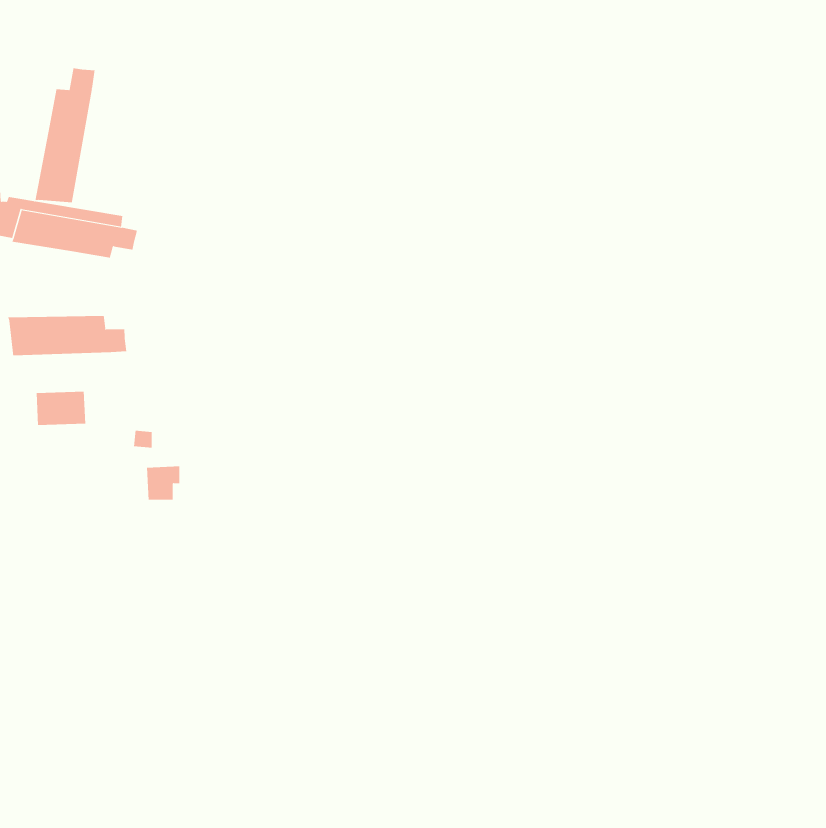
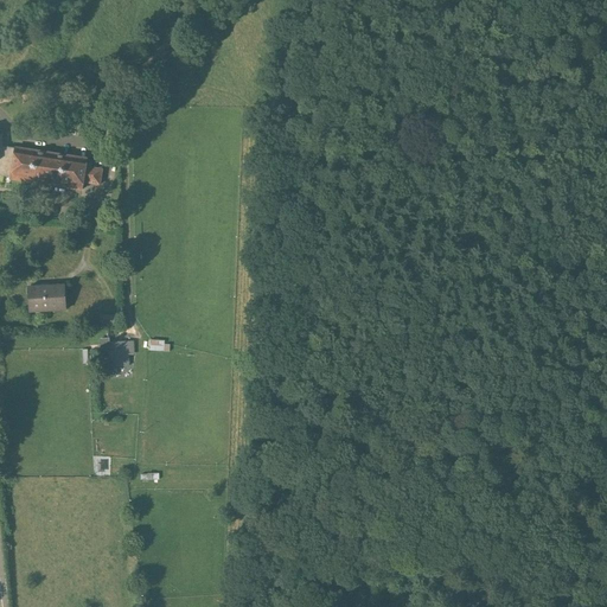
building: [35,67,95,203] -> none
building: [8,315,127,356] -> none

